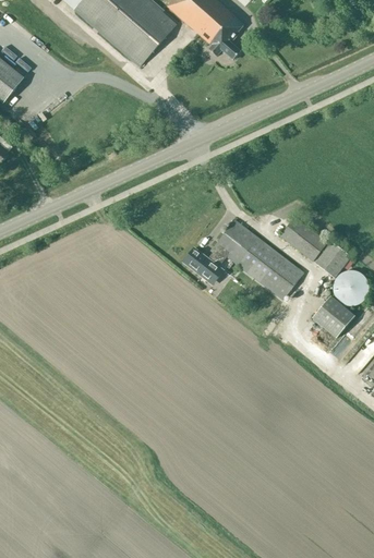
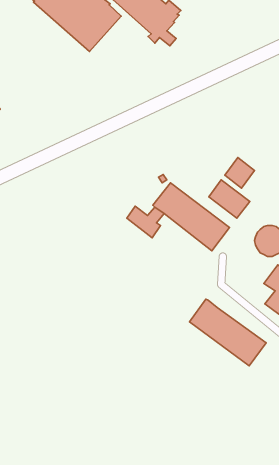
building: [315,242,350,278] -> [225,157,255,188]
building: [312,295,354,339] -> none
building: none -> [190,299,266,366]

